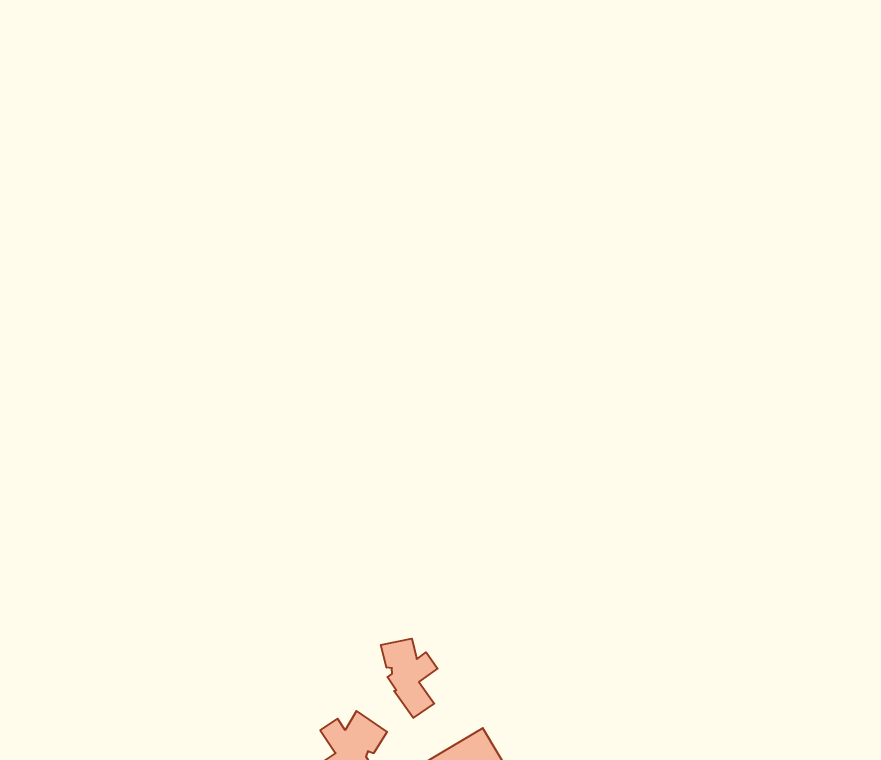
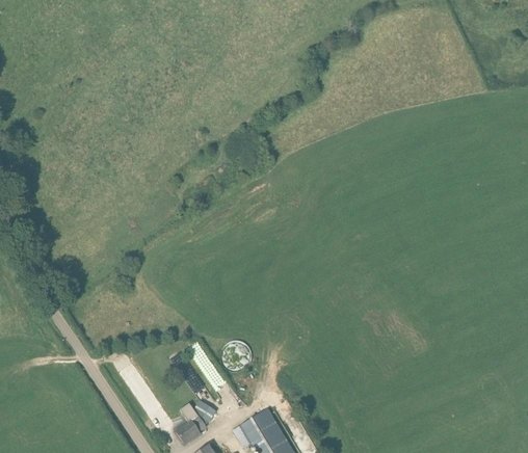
building: [381,639,438,718] -> none

